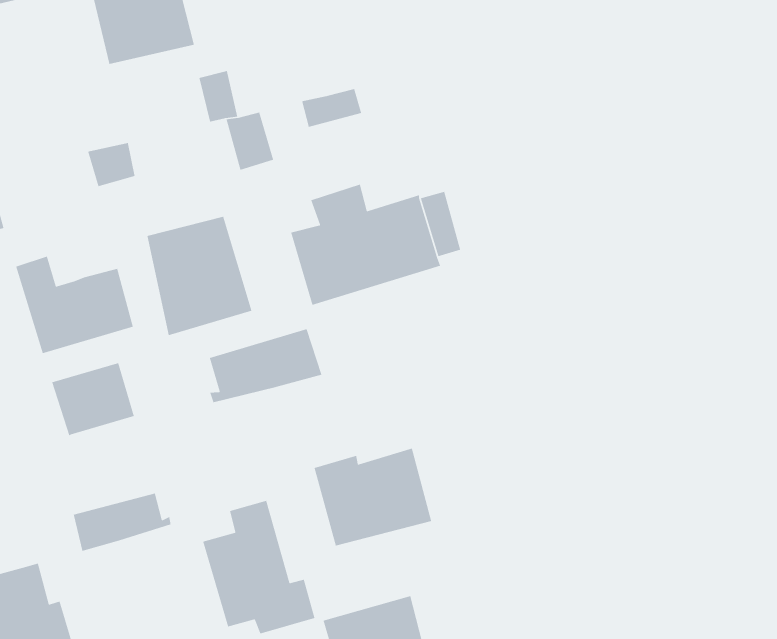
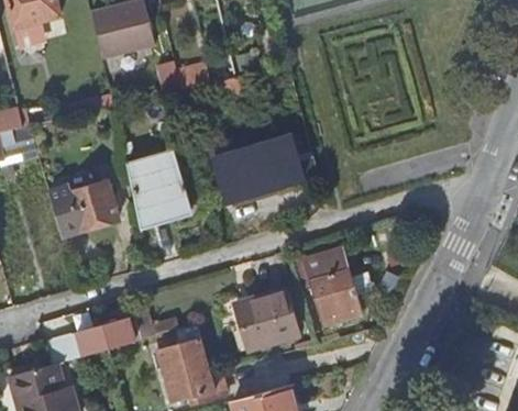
building: [209,328,322,403] -> none
building: [51,362,135,437] -> none
building: none -> [310,253,364,323]

